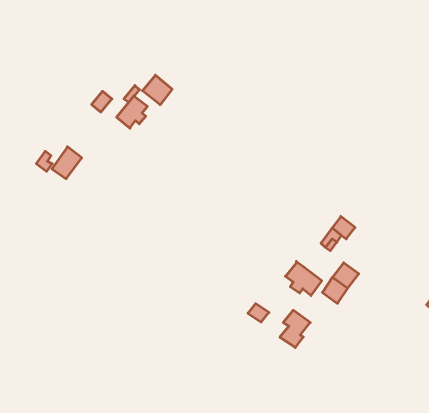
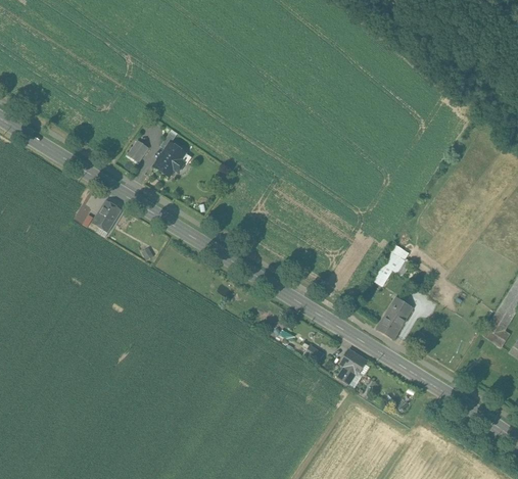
building: [142,75,172,105] -> none
building: [285,261,322,296] -> none

